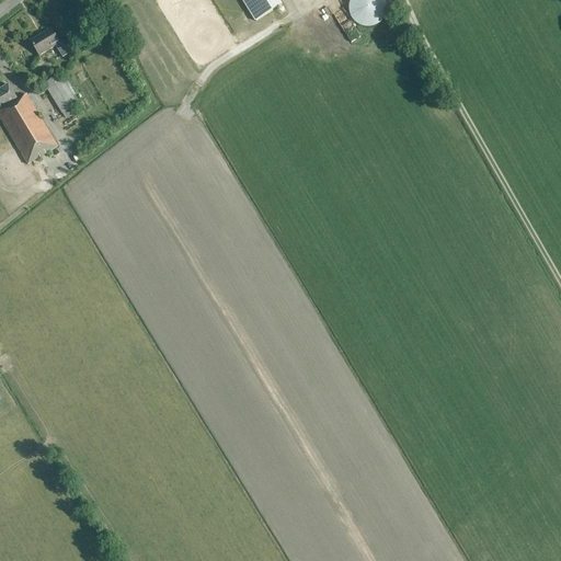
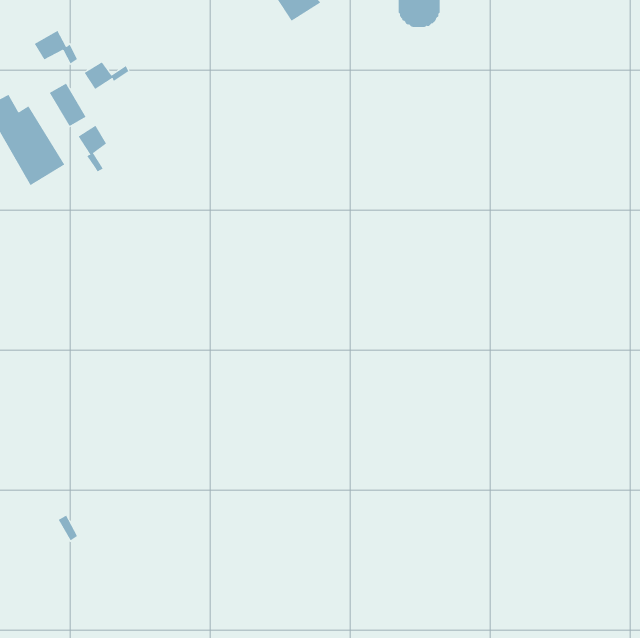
building: none -> [84,62,129,90]
building: none -> [78,125,107,172]

